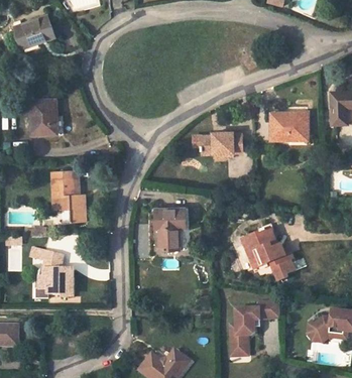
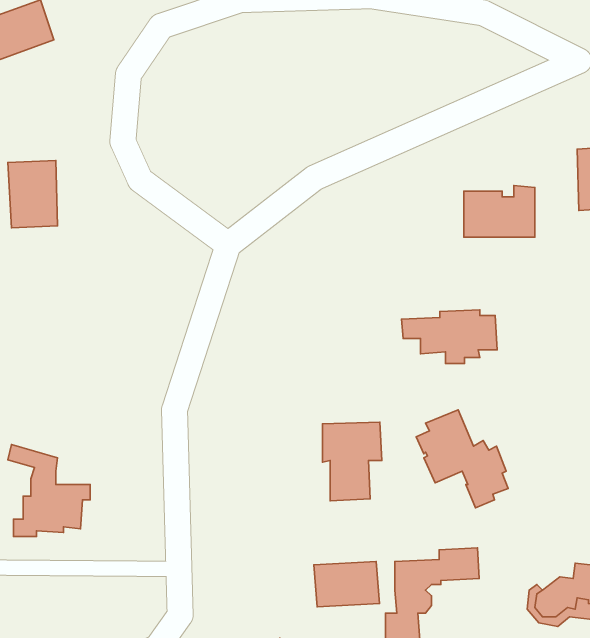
building: [192,131,242,159] -> [401,310,497,363]
building: [51,169,85,222] -> none
building: [154,209,186,250] -> [322,422,382,501]
building: none -> [314,562,379,607]

